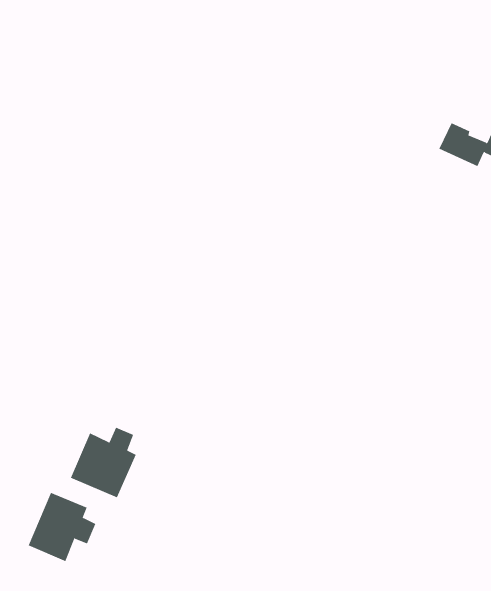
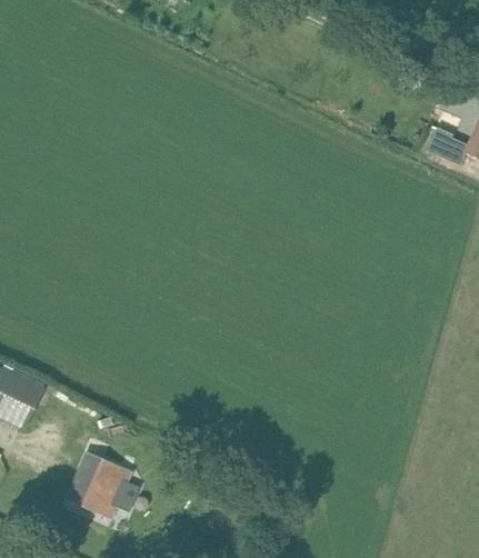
building: [70,427,136,498] -> none

